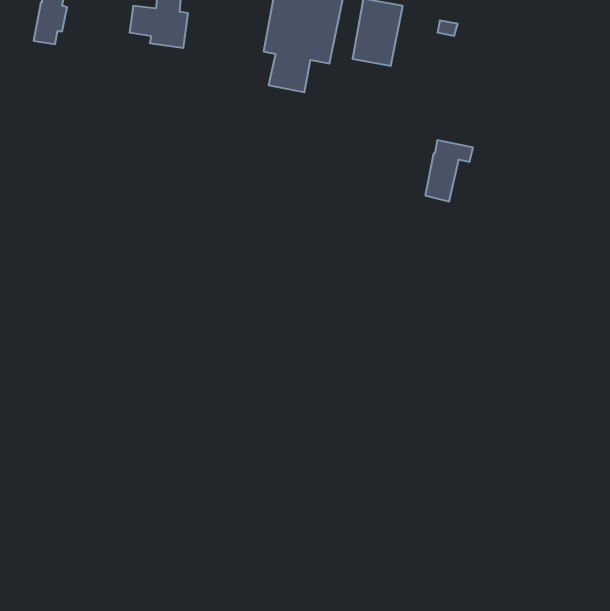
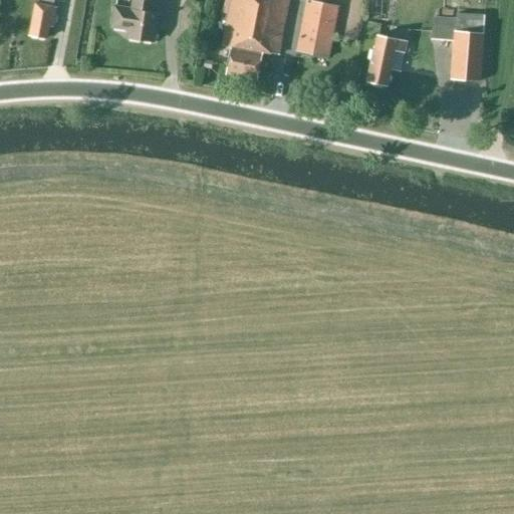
building: none -> [433,16,485,80]
building: [425,140,473,201] -> [367,34,408,85]

